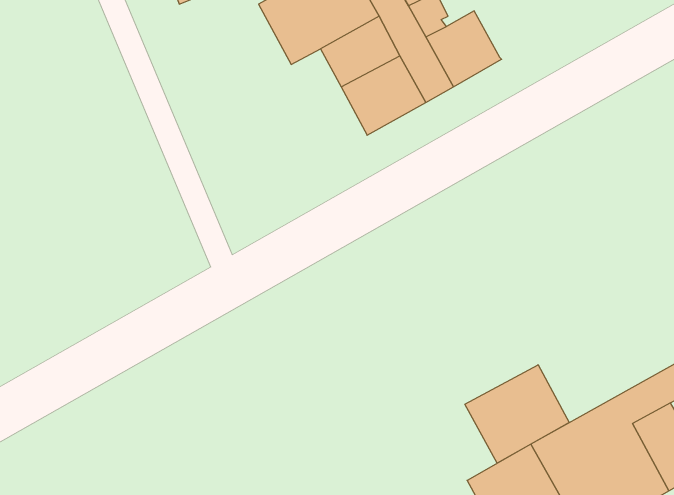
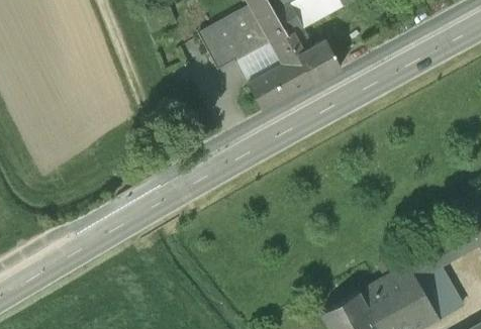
building: [465,365,569,463] -> none

